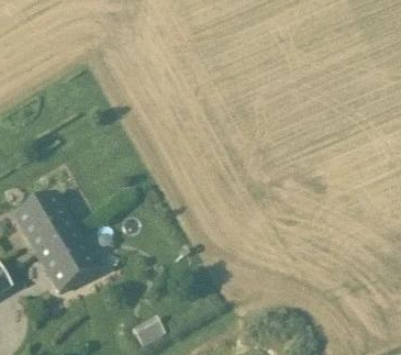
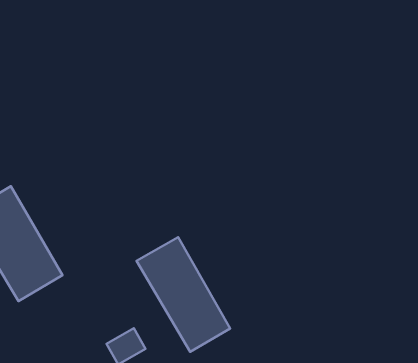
building: none -> [136,237,230,352]

